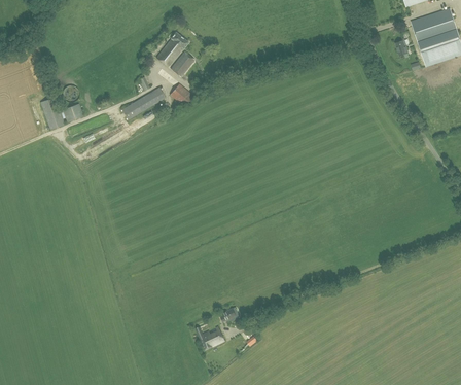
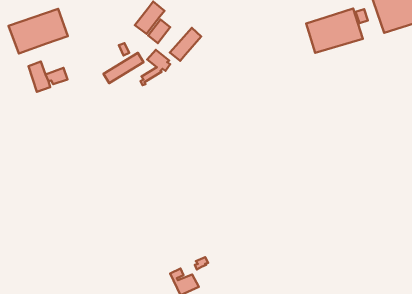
building: none -> [306,9,363,53]
building: none -> [9,9,68,53]
building: none -> [170,28,201,61]

